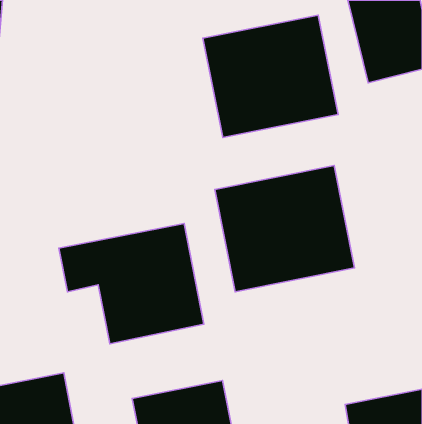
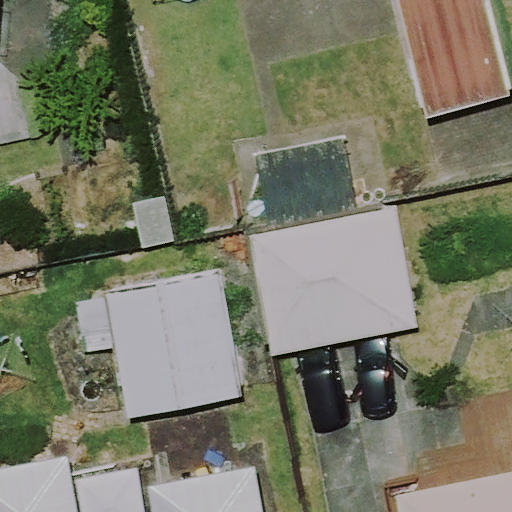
building: [203,15,338,138] -> none

